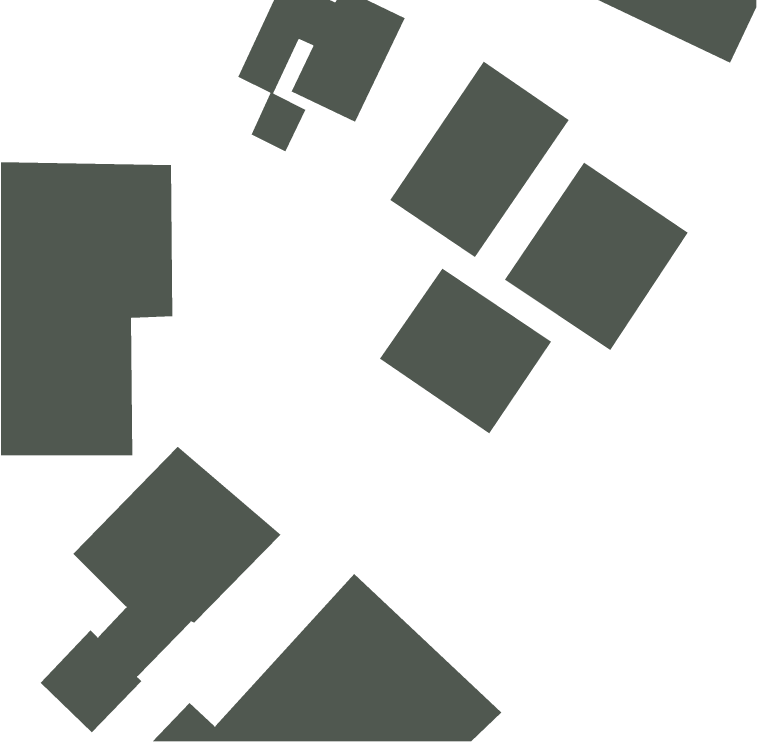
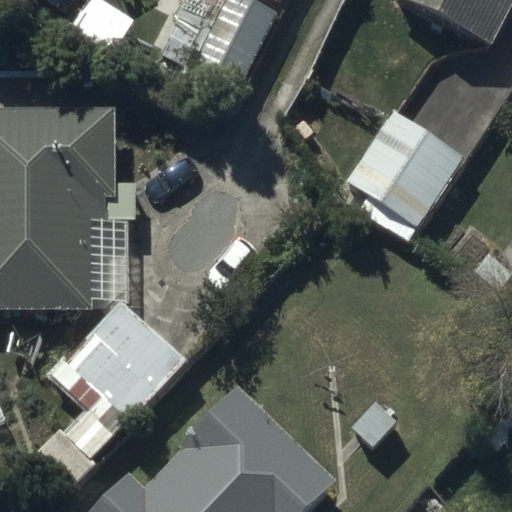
building: [389,60,570,258] -> none
building: [379,267,552,434] -> none

